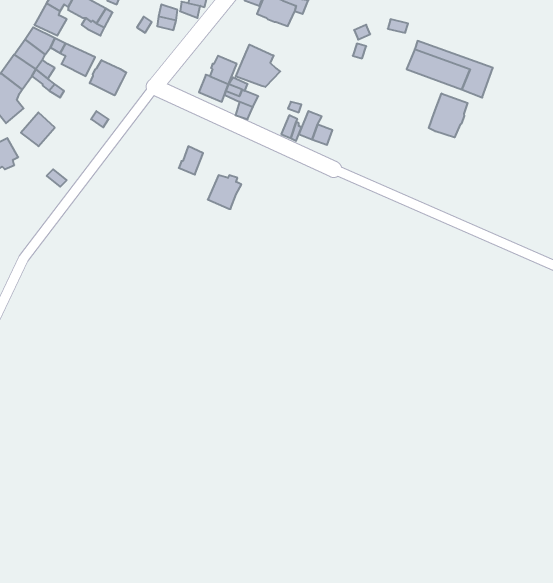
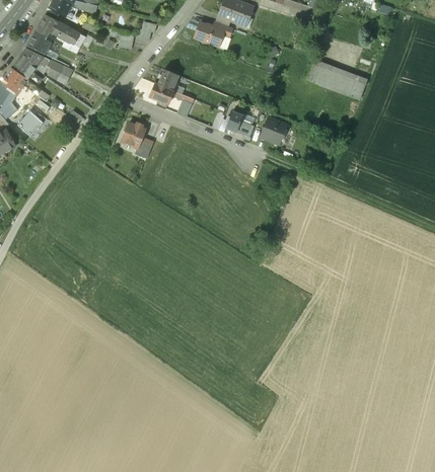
building: [236,45,280,87] -> none
building: [90,60,126,95] -> none
building: [429,93,468,137] -> none
building: none -> [261,117,285,143]
building: [208,175,241,209] -> [121,122,146,147]

